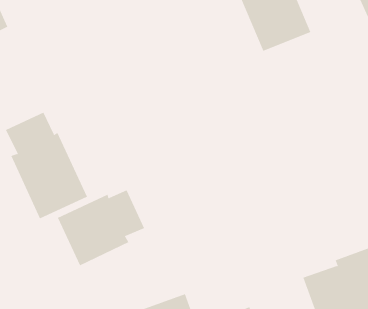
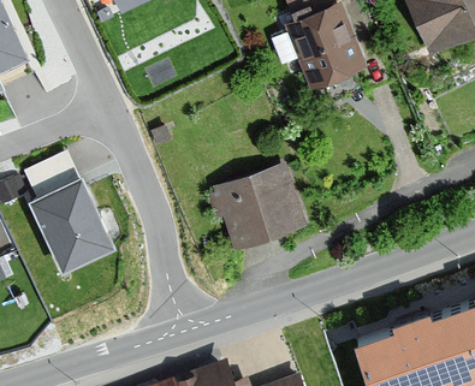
building: none -> [207,164,304,248]
building: [57,189,145,266] -> none

